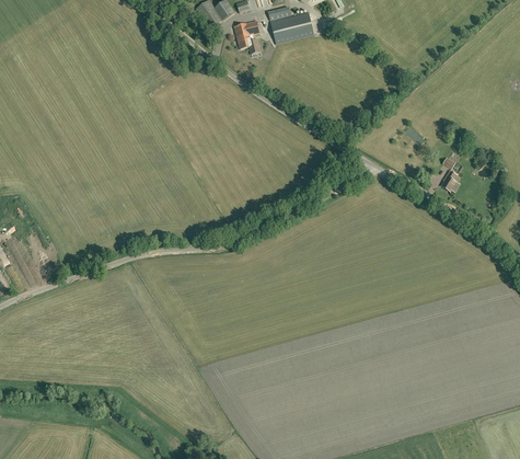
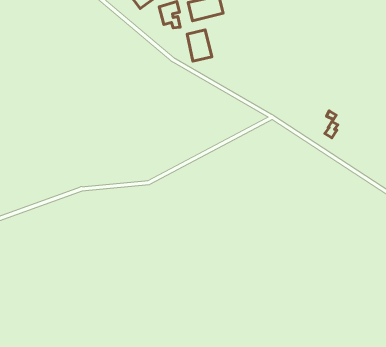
building: none -> [187,30,212,61]

